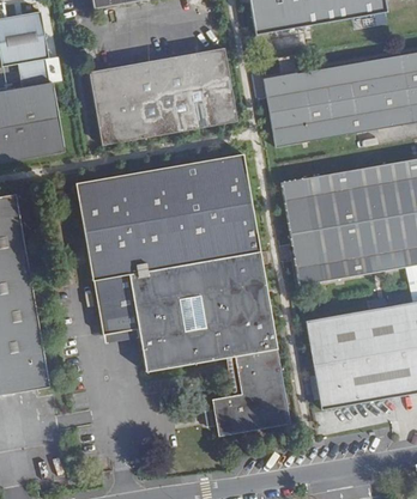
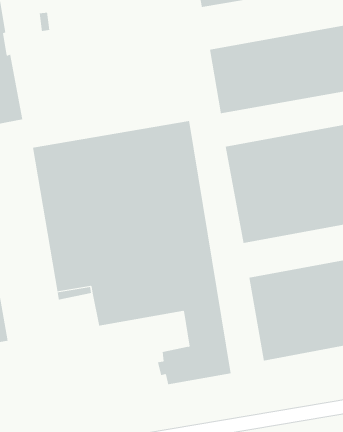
building: [92,48,238,142] -> none

